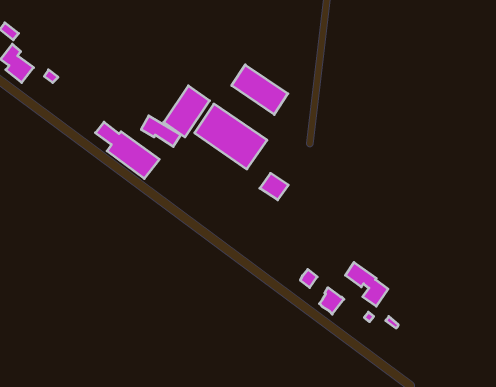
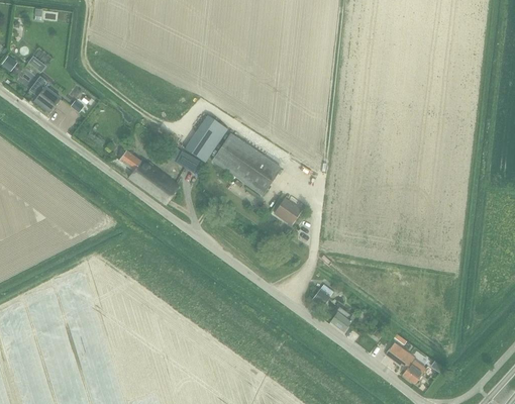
building: [232,65,288,115] -> none
building: [345,262,388,306] -> [386,342,426,384]

